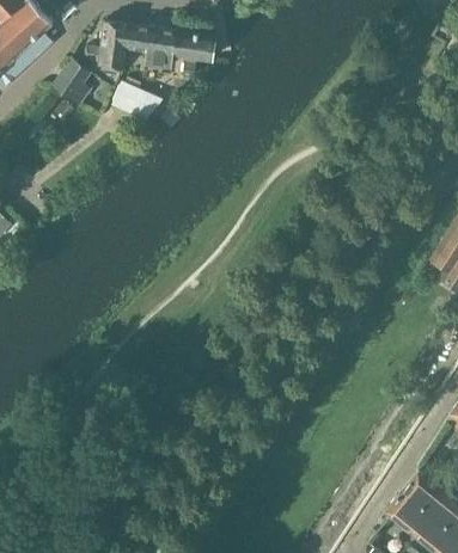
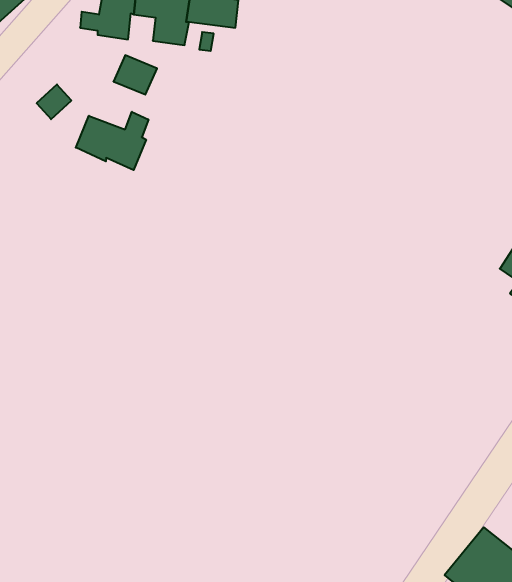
building: [53,59,91,104] -> none
building: none -> [76,112,148,170]

